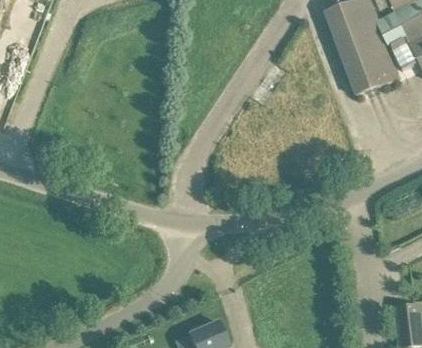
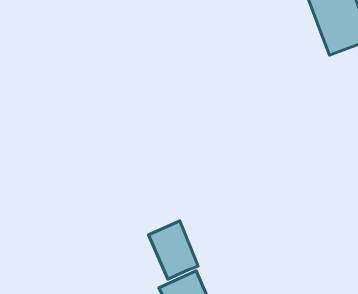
building: none -> [148,221,198,279]

